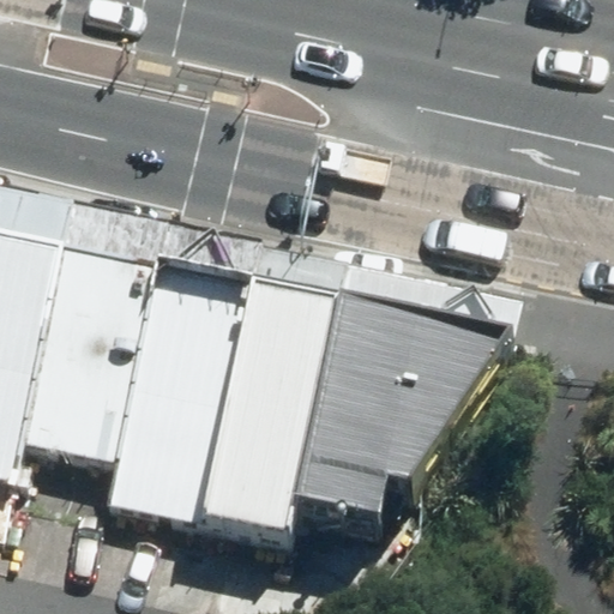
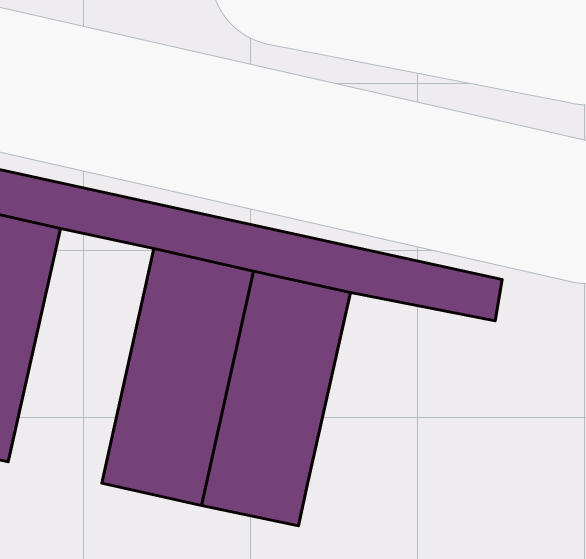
building: [8,245,156,502] -> none
building: [311,309,519,518] -> none

